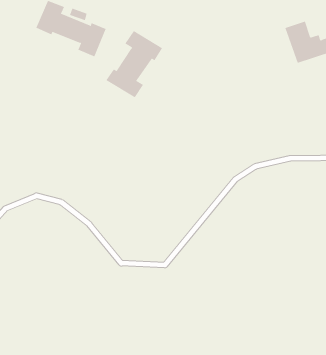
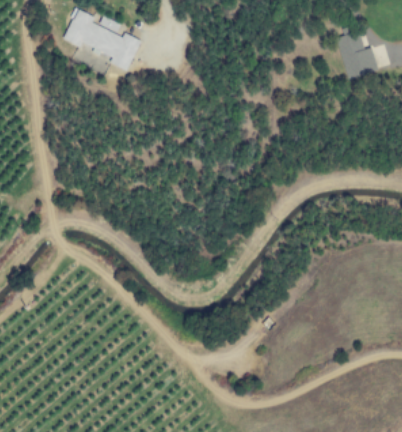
building: [105,30,163,98] -> none

